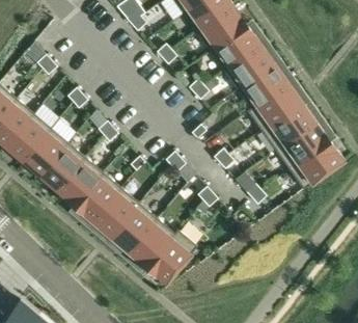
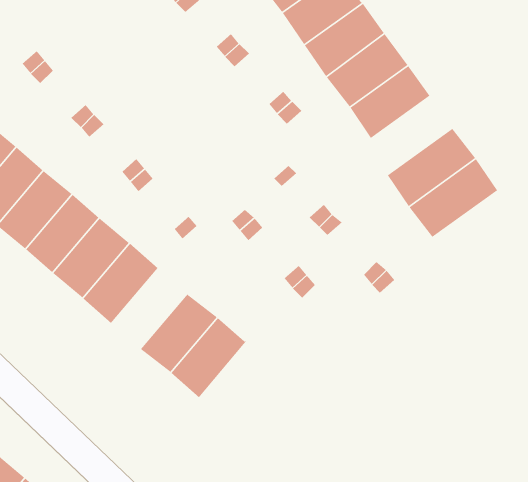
building: [248,82,302,131] -> none
building: [290,140,343,189] -> none
building: [92,188,139,238] -> none
building: [146,230,197,285] -> none

